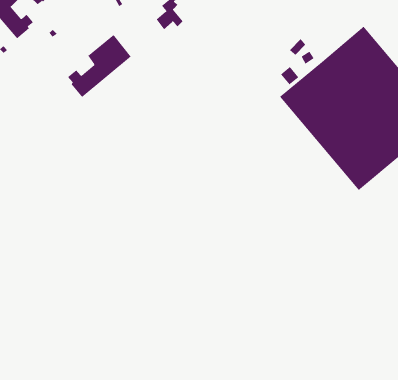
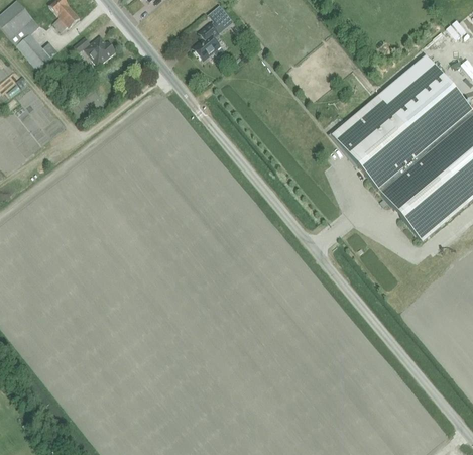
building: none -> [75,34,116,66]
building: [67,34,131,98] -> none

